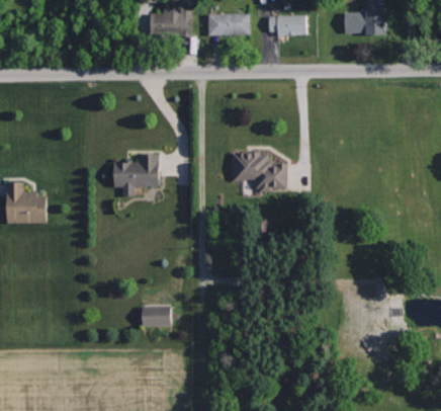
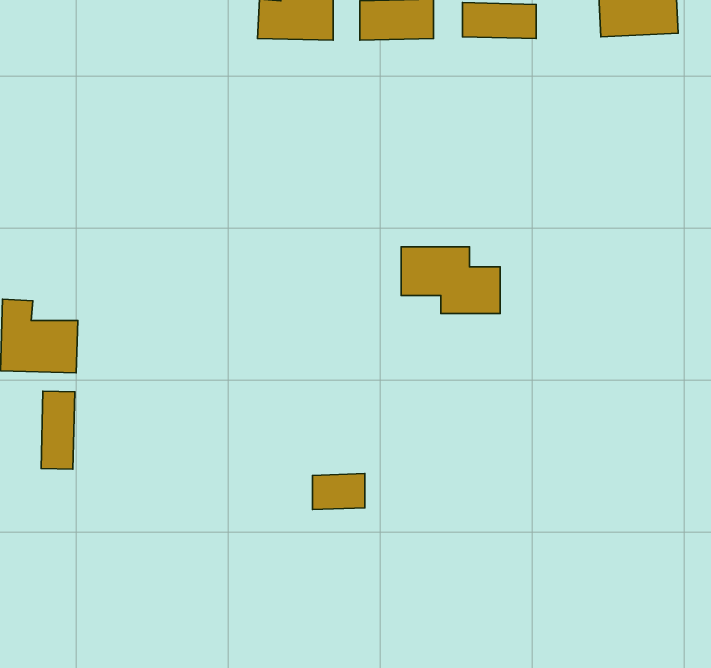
building: [112,154,159,196] -> none
building: none -> [41,391,75,469]
building: [142,307,171,327] -> [313,474,365,510]

